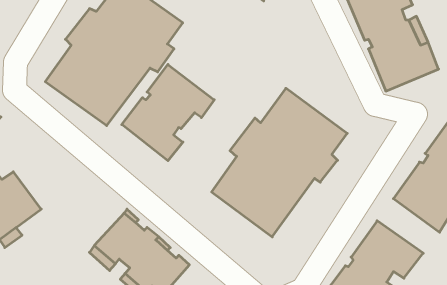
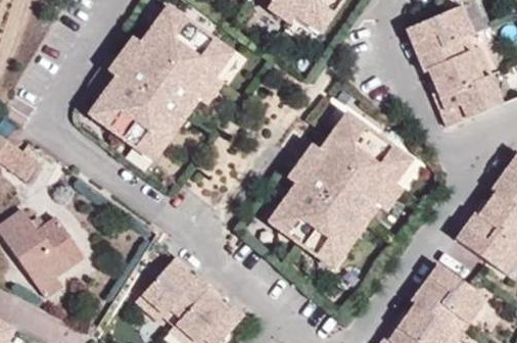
building: [122,64,214,161] -> none

